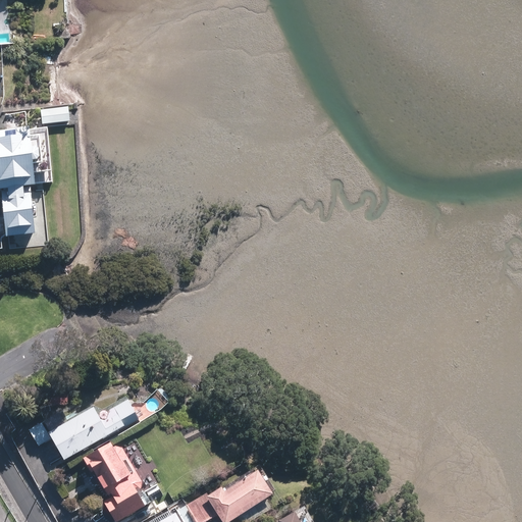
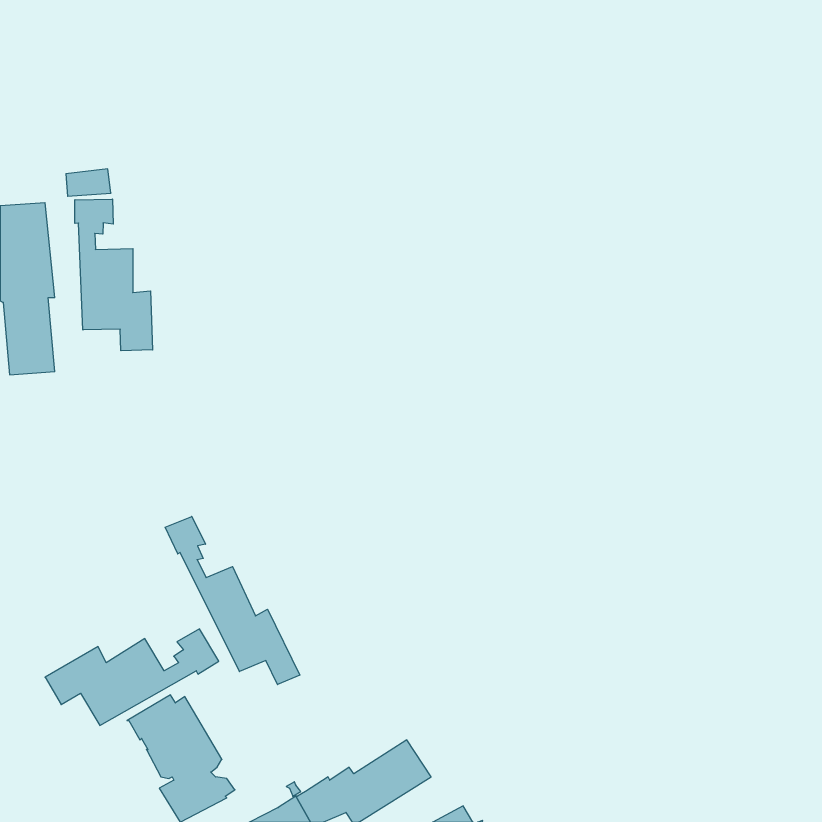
building: none -> [75,199,153,351]
building: none -> [165,516,300,685]

